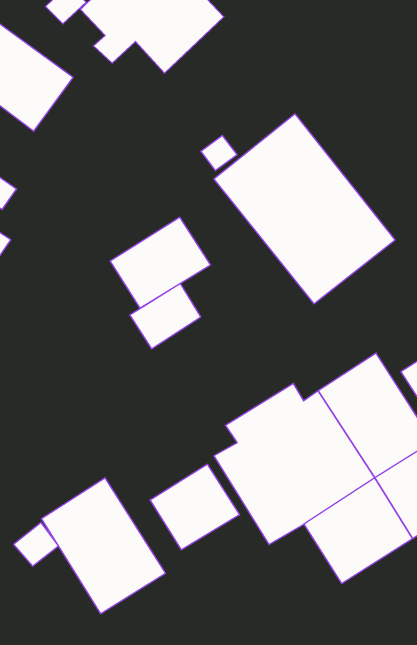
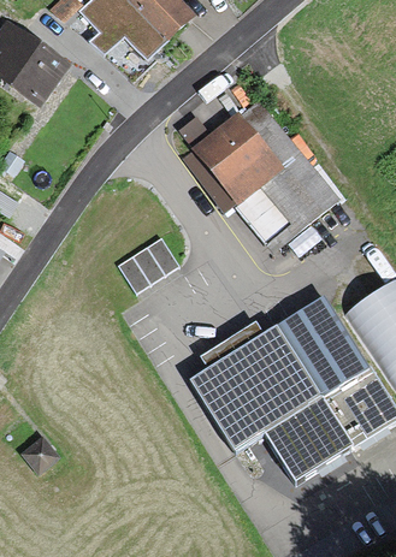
building: [110,217,210,308] -> none
building: [150,464,240,550] -> none
building: [42,478,166,614] -> none

